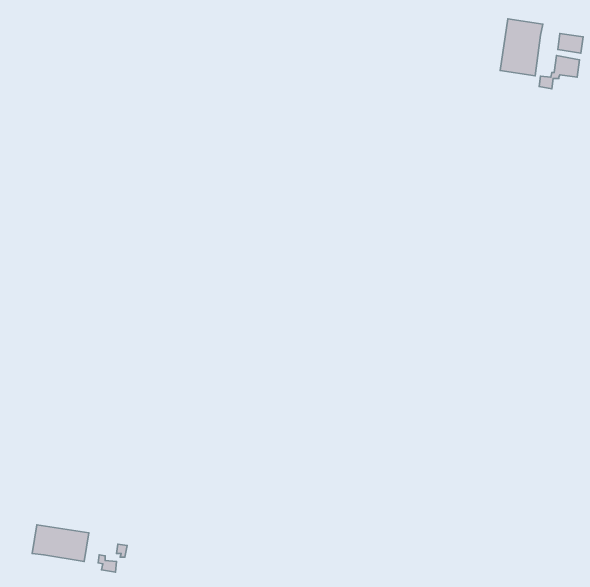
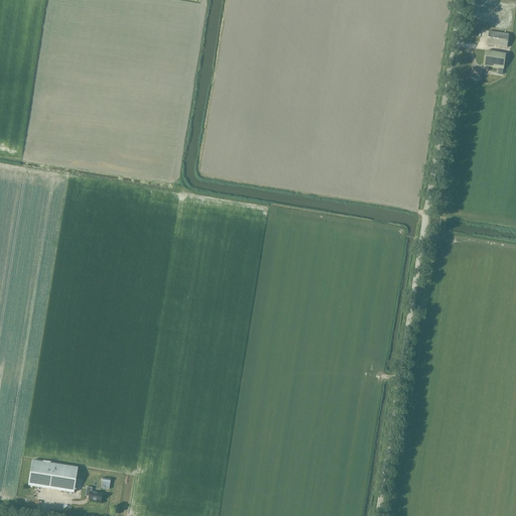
building: [500,19,543,76] -> none

